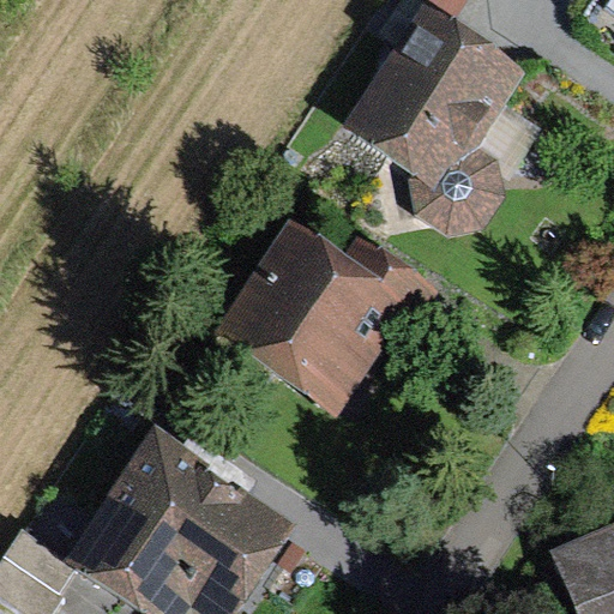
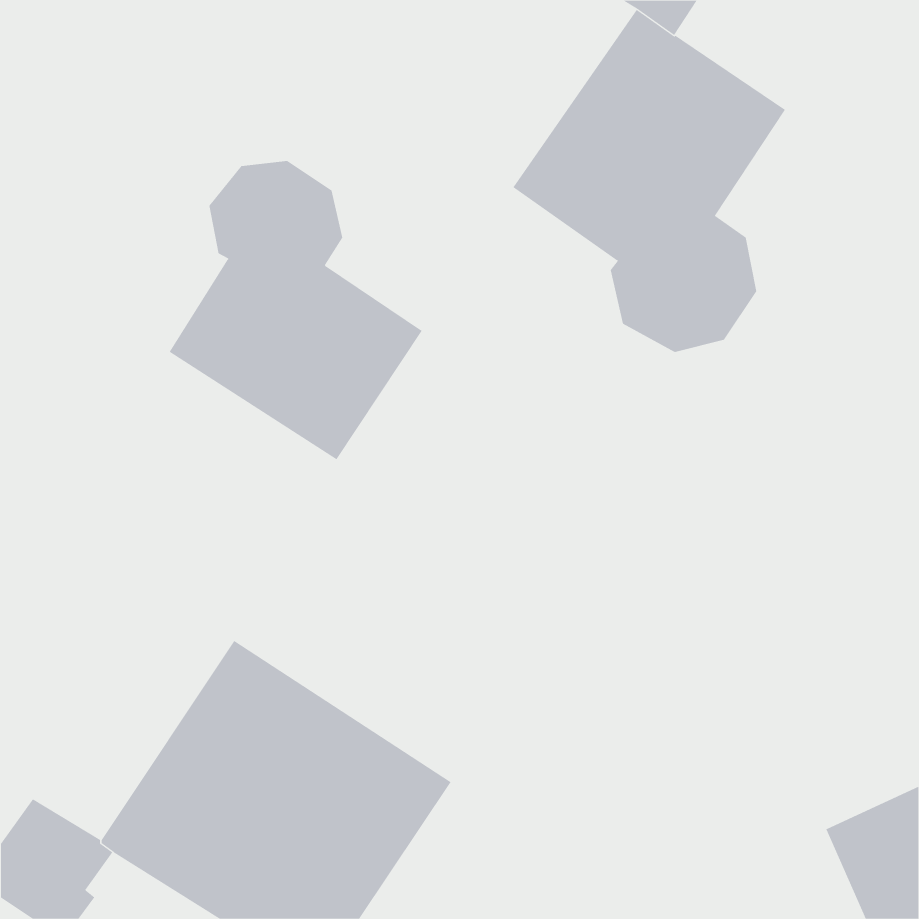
building: none -> [169,160,422,460]
building: [213,217,447,416] -> none

